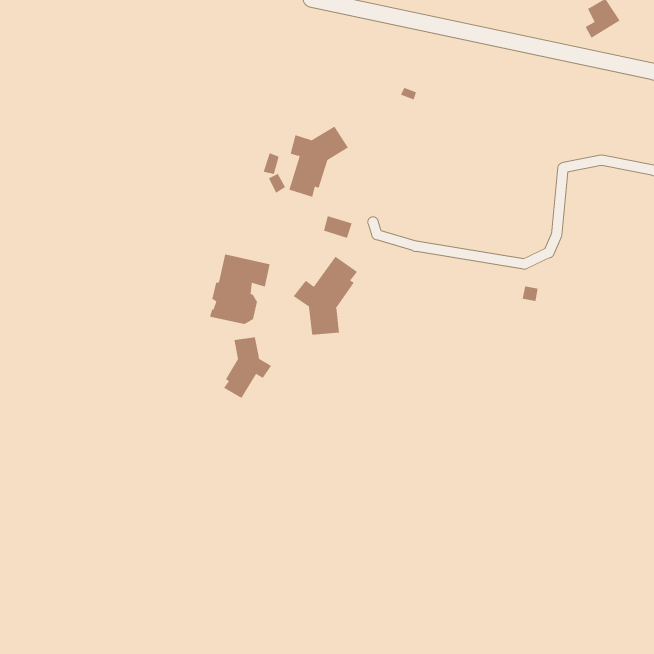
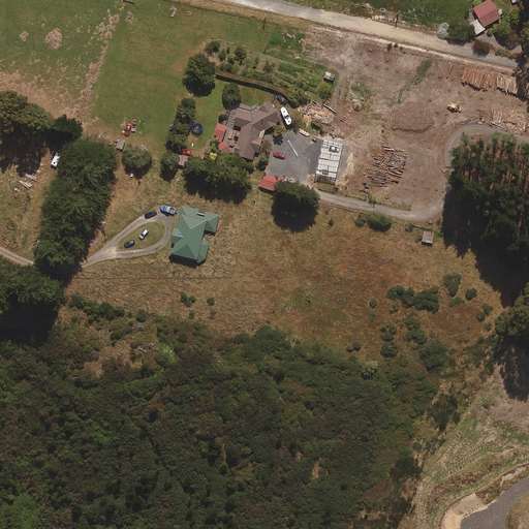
building: [293,256,358,335] -> none
building: [223,336,272,399] -> none

